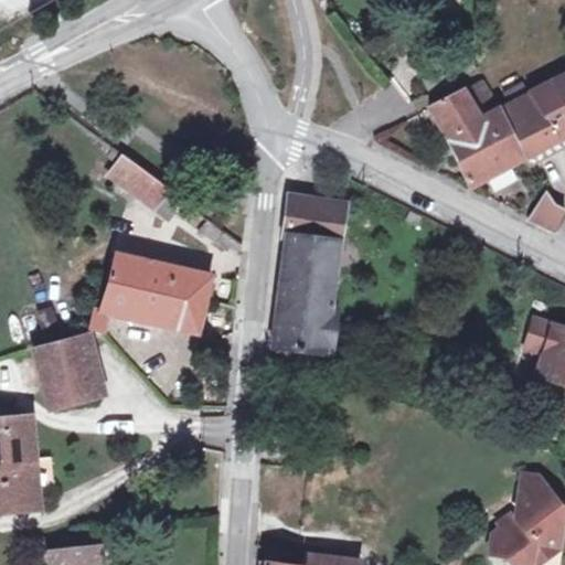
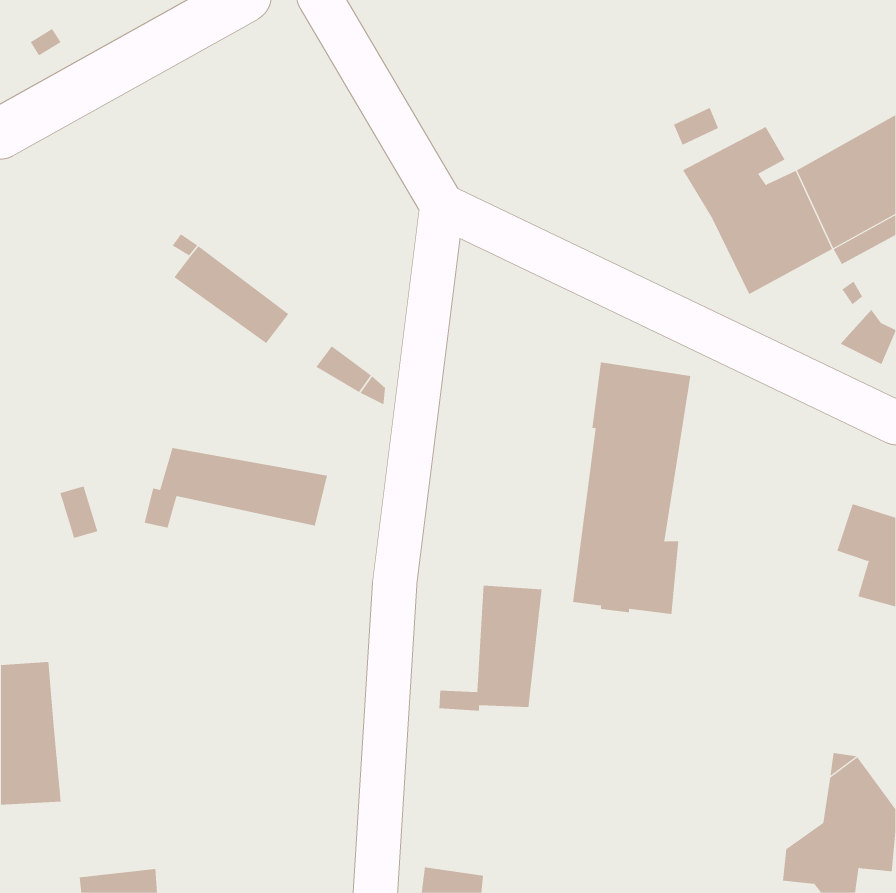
building: [271,194,347,353] -> [572,362,691,615]
building: [108,254,212,299] -> none
building: [34,335,98,408] -> none
building: none -> [439,585,542,711]

